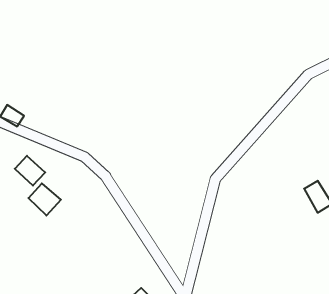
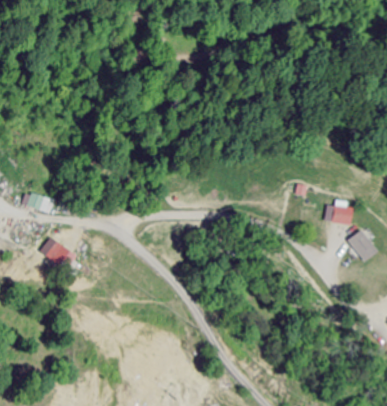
building: none -> [326,204,350,224]
building: [28,183,61,216] -> none

